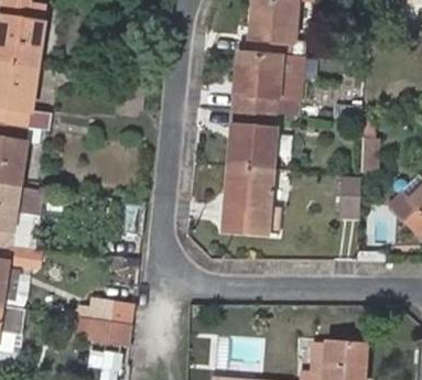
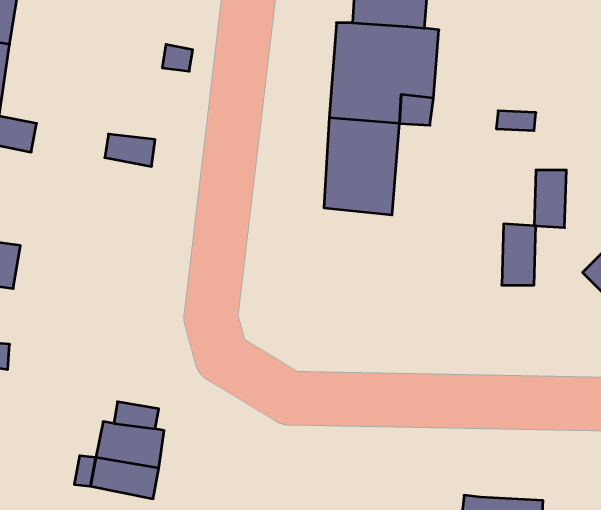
building: [225,165,279,235] -> none

